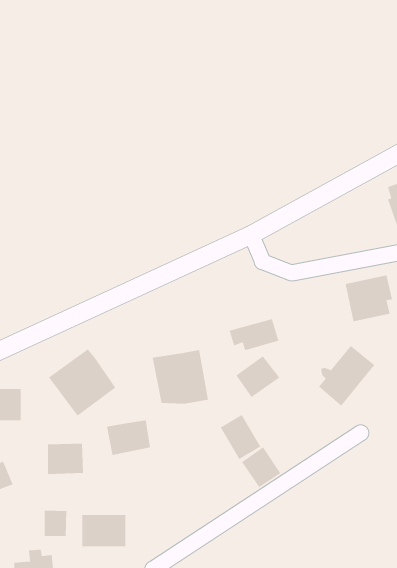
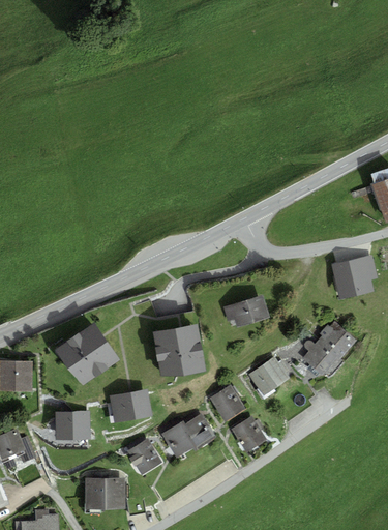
building: [235,355,280,398] -> [251,356,293,395]
building: none -> [166,412,217,460]
building: none -> [130,440,165,475]
building: [44,510,67,537] -> none

